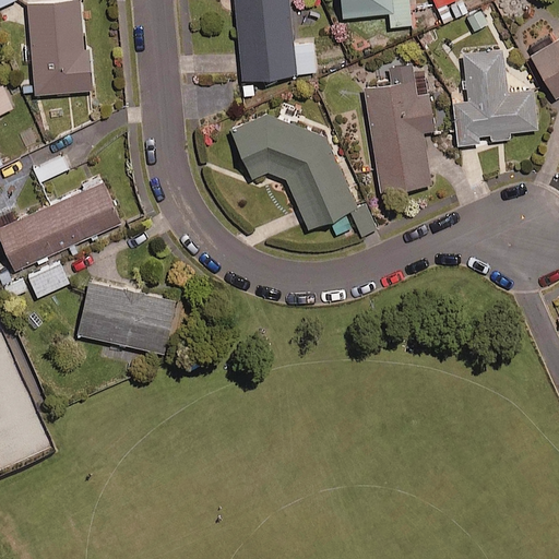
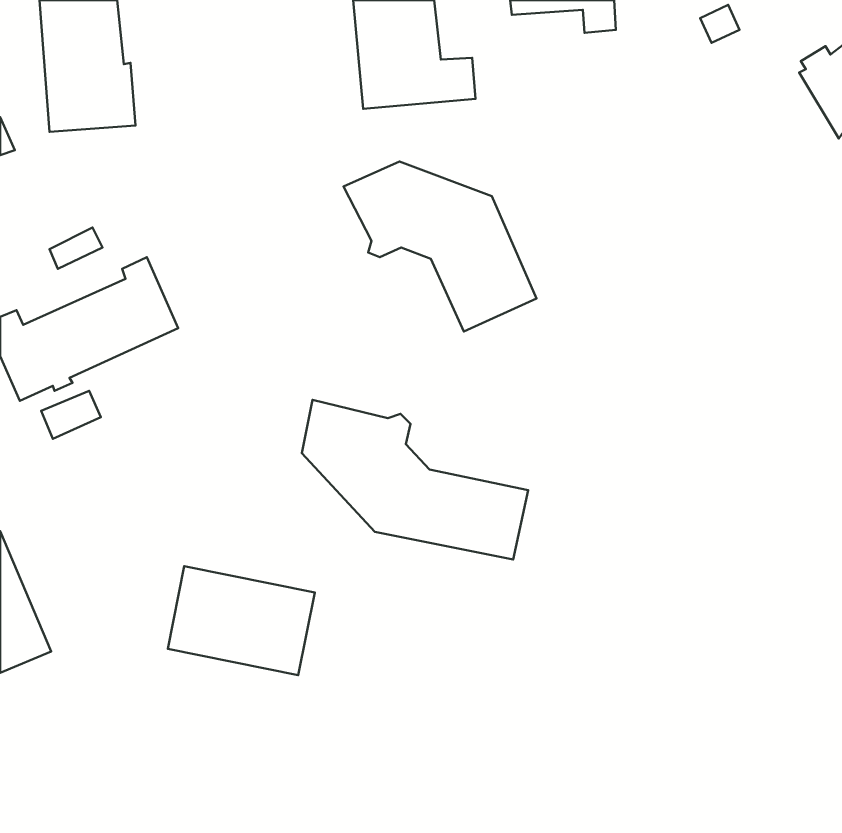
building: [452,50,536,144] -> none
building: [365,63,433,190] -> none
building: none -> [302,400,528,559]
building: [76,281,174,353] -> [168,566,315,675]

